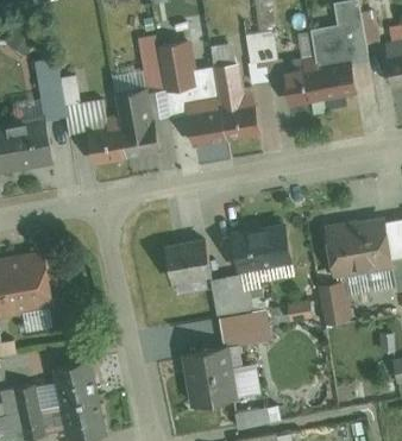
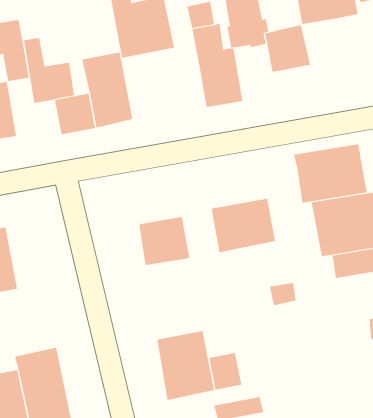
building: [315,58,357,101] -> none
building: [187,105,227,146] -> none
building: none -> [293,143,367,204]
building: [208,263,294,348] -> none
building: [316,282,351,326] -> none

